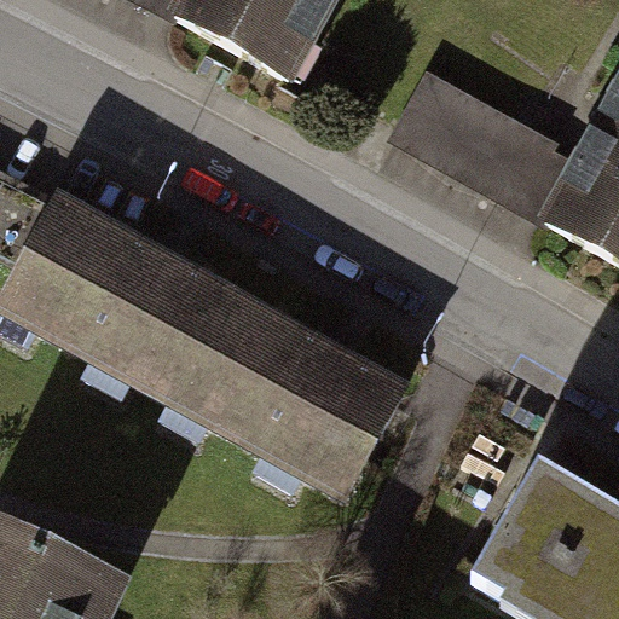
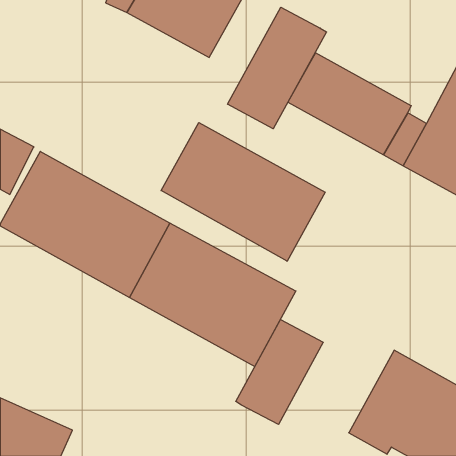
building: none -> [228,7,327,129]
building: none -> [161,123,325,261]
building: none -> [236,319,323,424]

